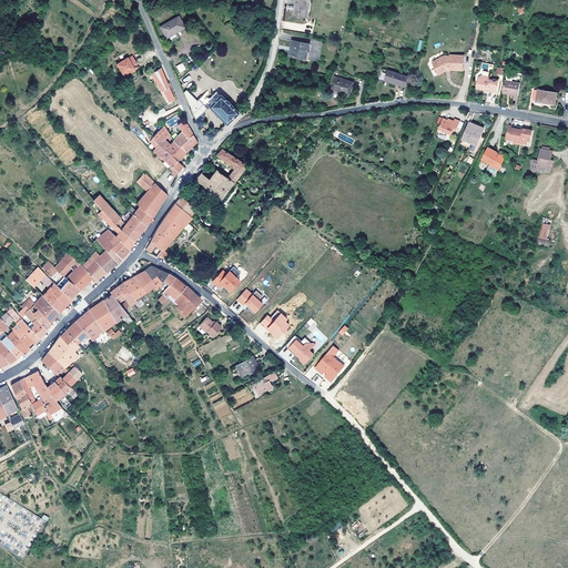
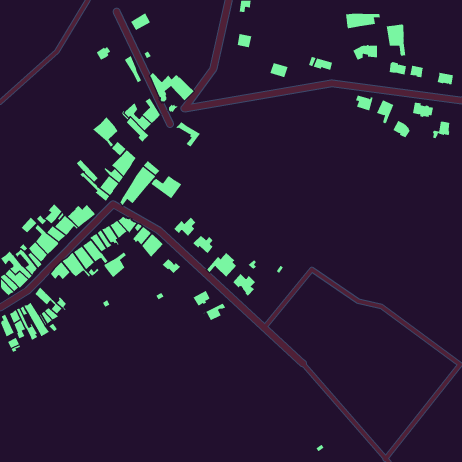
building: none -> [345,13,380,29]
building: none -> [386,24,406,57]
building: none -> [93,117,119,147]
building: [195,170,234,199] -> [151,176,182,199]
building: [97,230,131,263] -> none
building: none -> [103,252,127,278]
building: [49,336,80,367] -> none
building: [315,346,342,382] -> none

